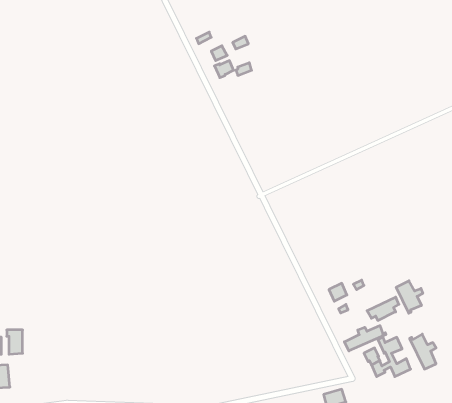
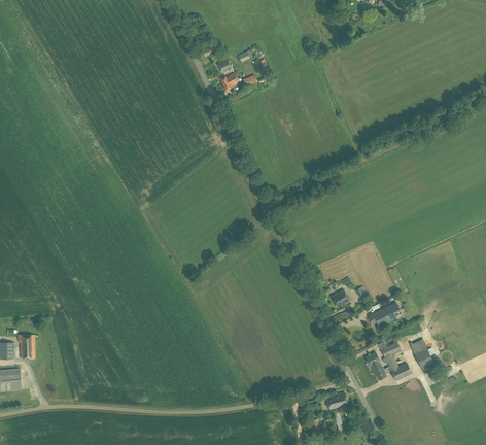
building: [396,281,423,313] -> none
building: [344,326,386,351] -> none

